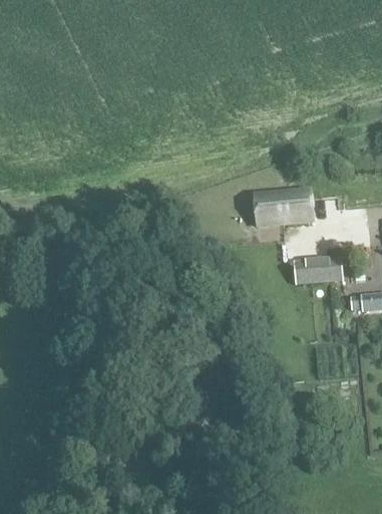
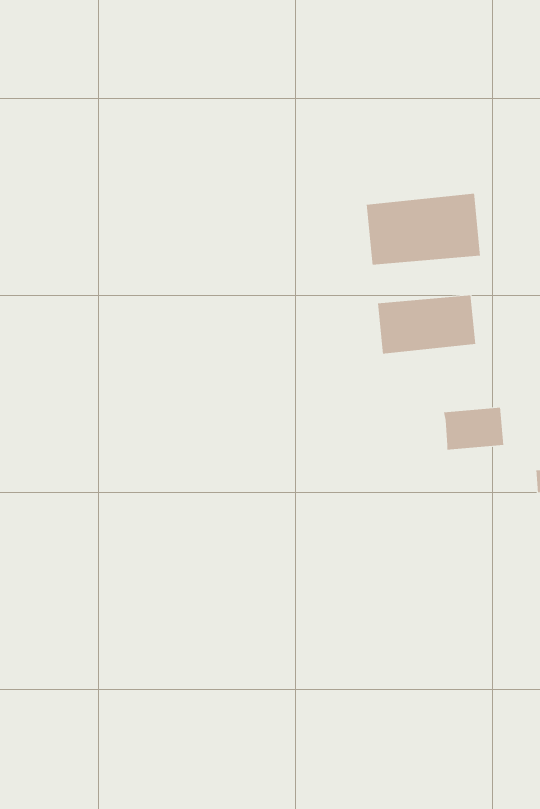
building: none -> [366,193,481,266]

